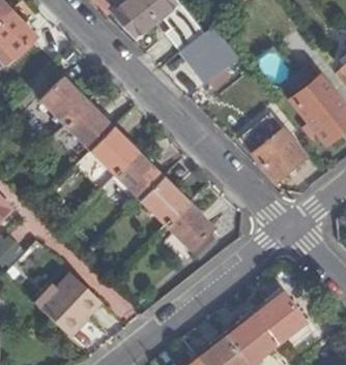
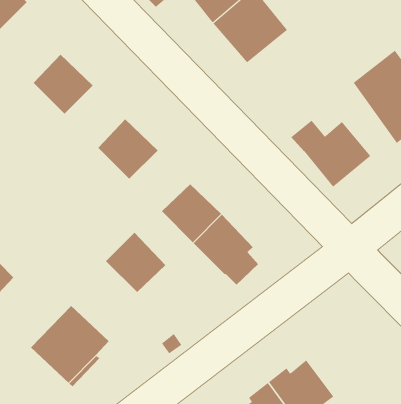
building: [64,101,112,150] -> none
building: [115,152,163,200] -> [105,232,166,293]
building: [254,290,305,344] -> none

